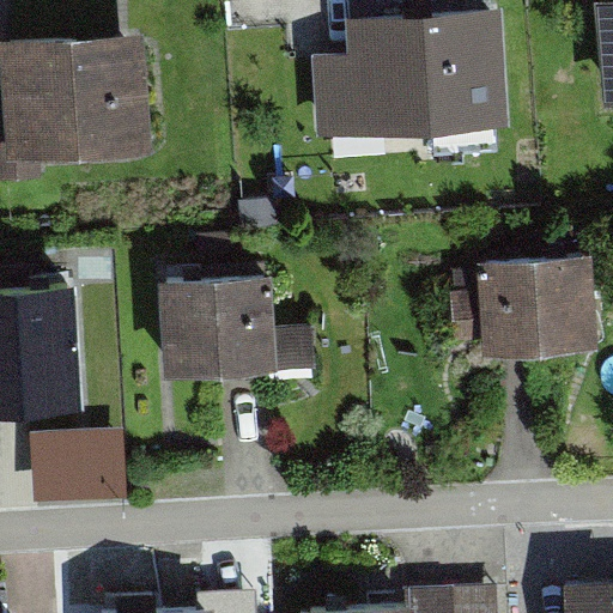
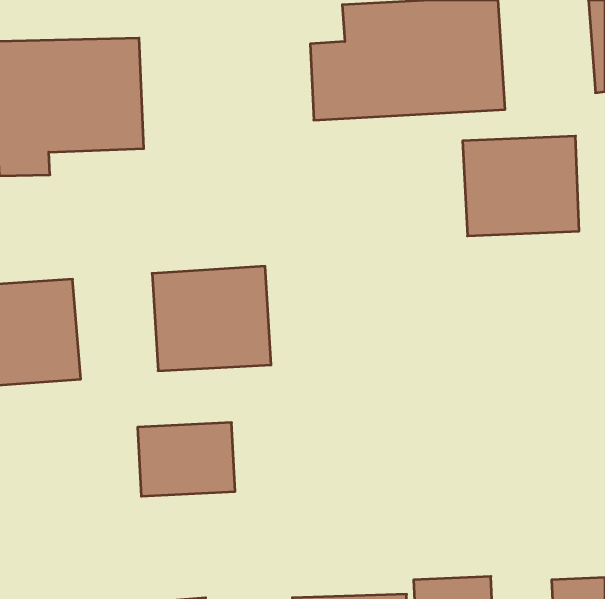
building: [480,249,597,350] -> [463,136,579,236]
building: [32,436,131,510] -> [138,423,235,496]

